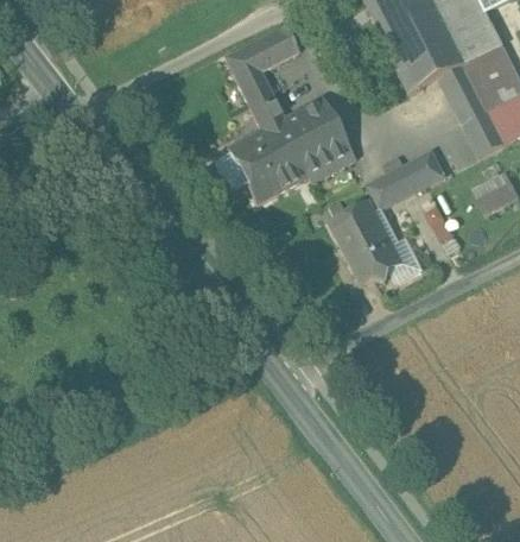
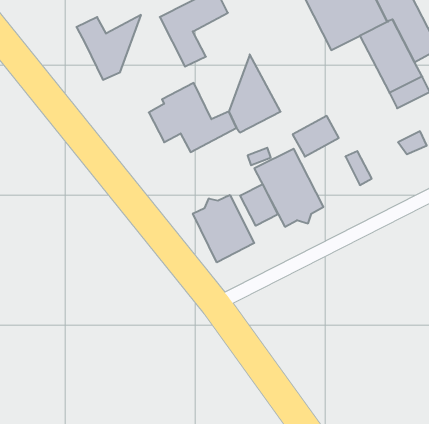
building: [254,96,324,166] -> [76,15,141,80]
building: [407,149,448,187] -> none
building: none -> [240,184,278,226]
building: none -> [193,195,254,262]

